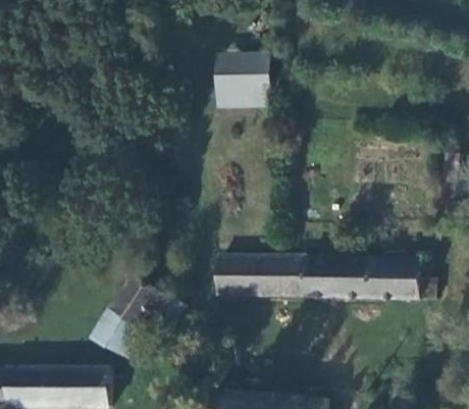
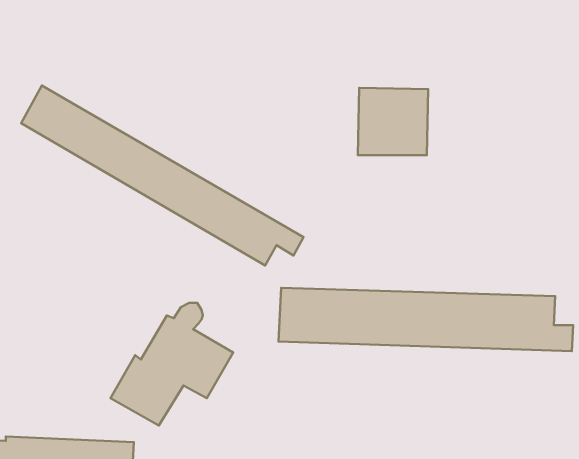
building: [214,57,266,107] -> [358,88,428,155]
building: none -> [21,85,304,266]

